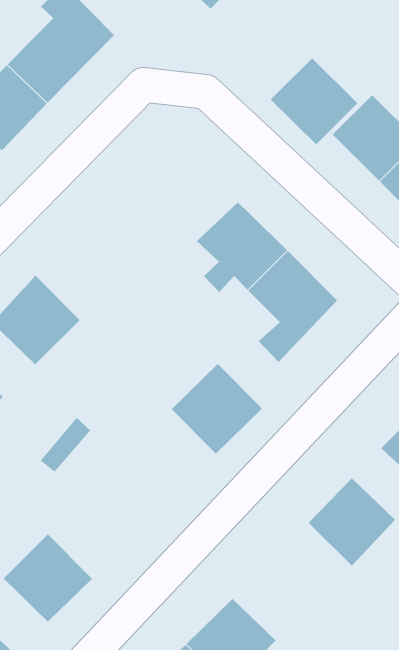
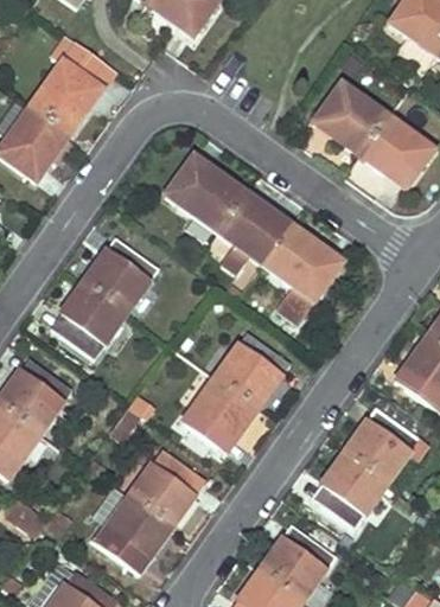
building: [270,57,358,145] -> none
building: none -> [165,154,243,230]
building: none -> [83,236,159,312]
building: none -> [183,375,259,452]
building: none -> [128,448,205,528]
building: none -> [312,452,388,526]

